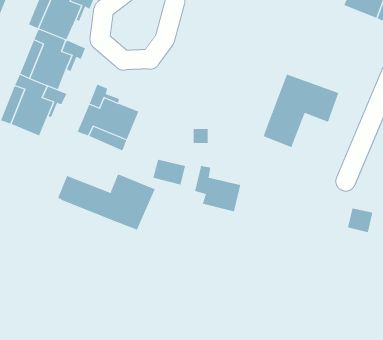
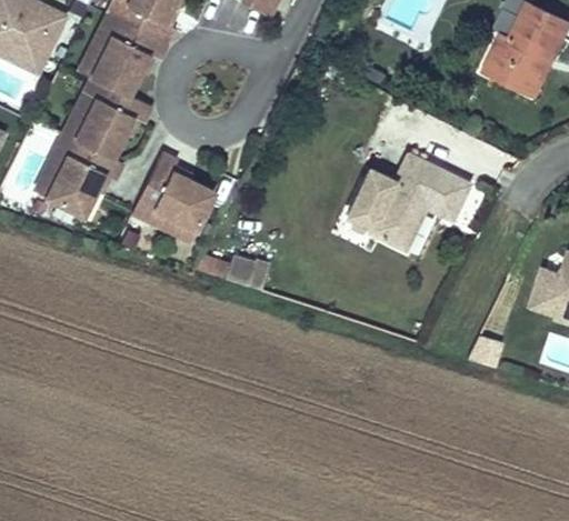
building: none -> [346,171,392,230]
building: [195,165,241,212] -> none
building: [57,174,155,231] -> none

